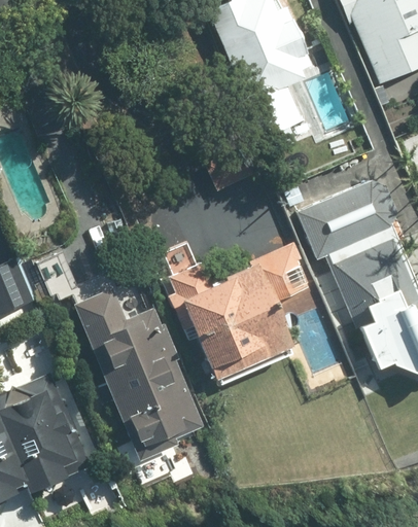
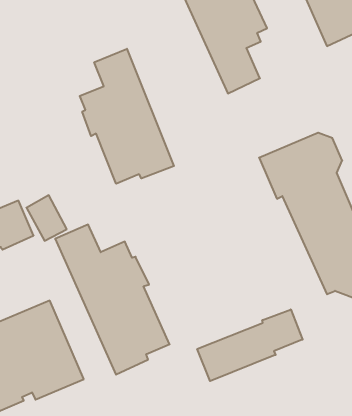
building: none -> [80,49,174,184]
building: [164,242,311,375] -> none
building: none -> [197,309,303,381]

